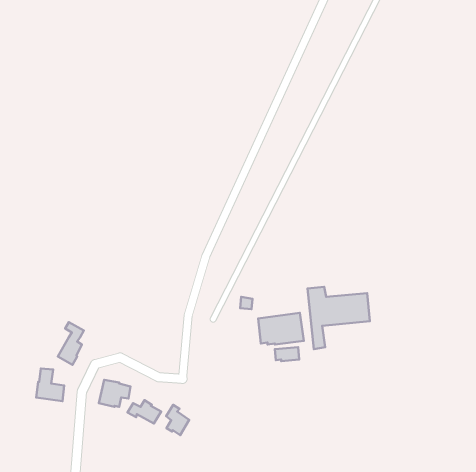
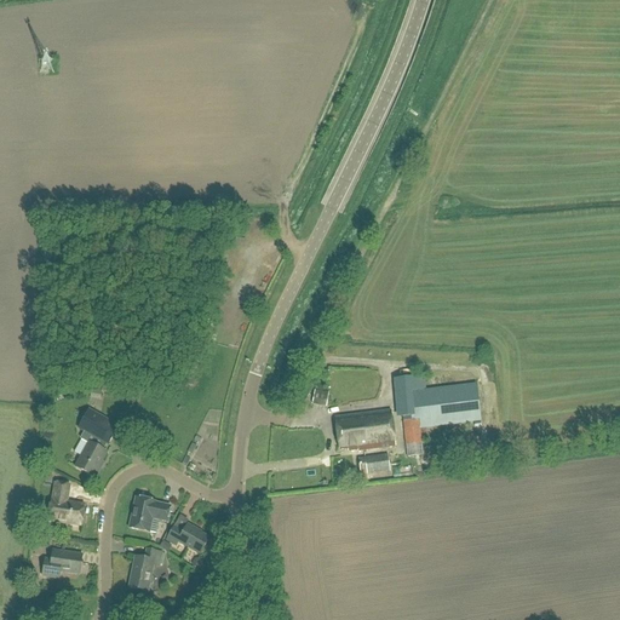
building: [166,405,189,435] -> none
building: none -> [128,546,162,589]
building: none -> [42,547,82,575]

